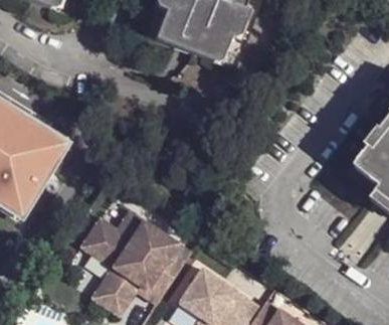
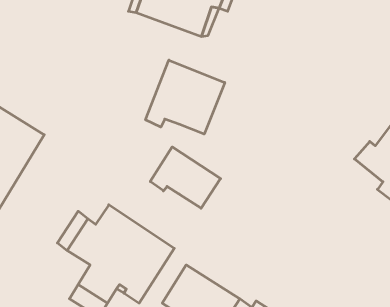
building: none -> [146,60,225,134]
building: none -> [150,147,221,208]

